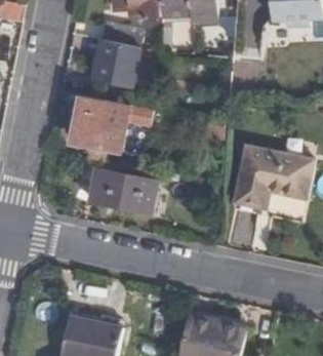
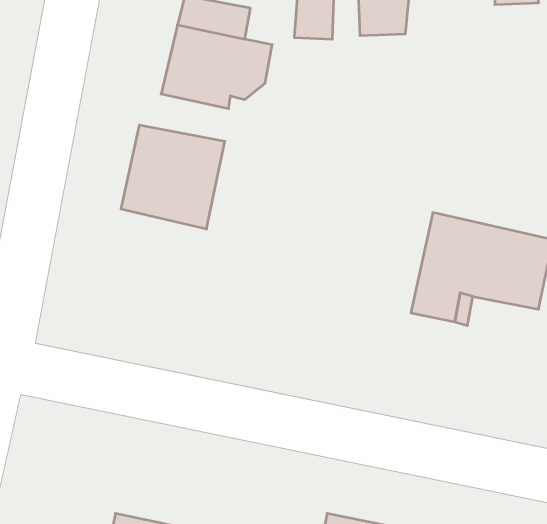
building: [82,159,158,215] -> none

